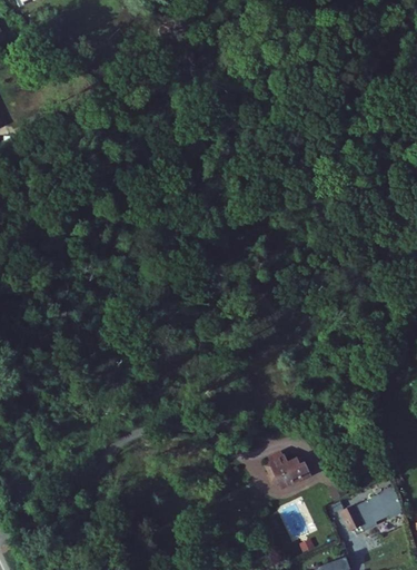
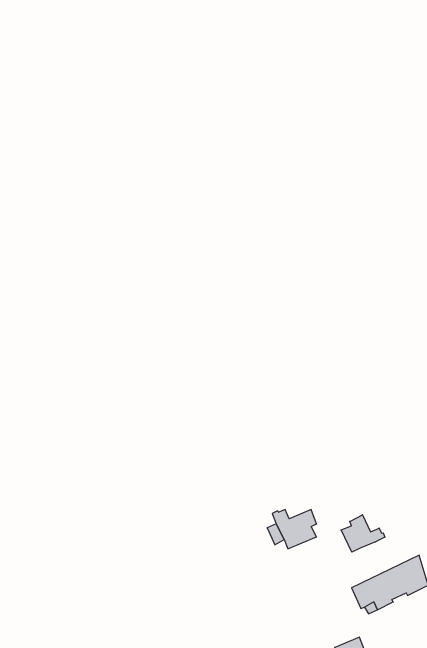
building: none -> [341,515,385,552]

